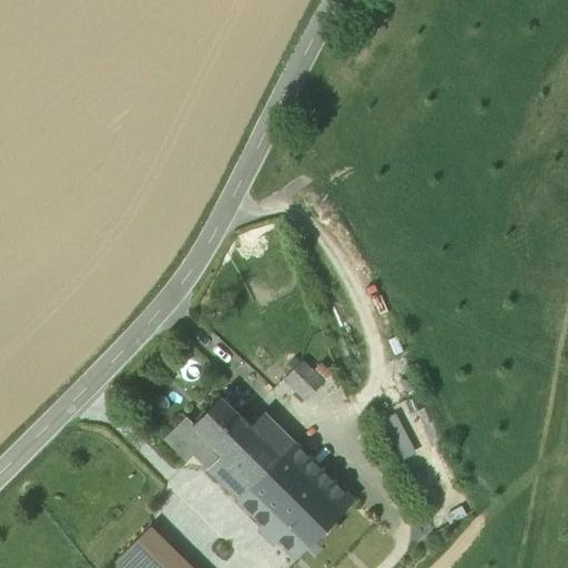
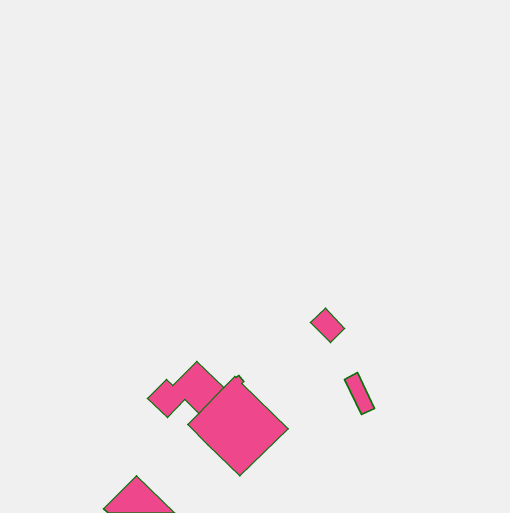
building: [286,363,324,400] -> [310,308,344,342]
building: [268,474,349,554] -> none

